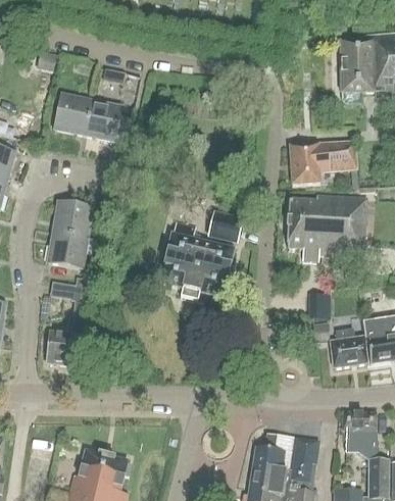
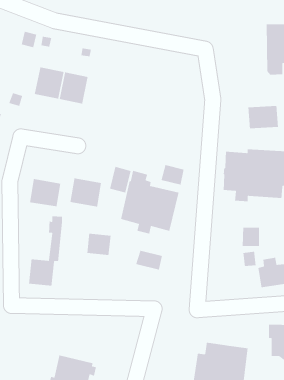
building: [289,143,320,183] -> none
building: [53,200,93,237] -> [70,178,102,207]
building: none -> [109,166,132,194]
building: none -> [86,233,111,256]
building: none -> [135,250,163,271]

